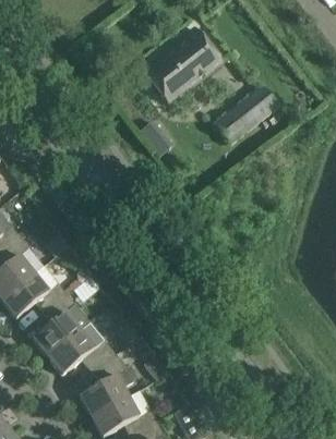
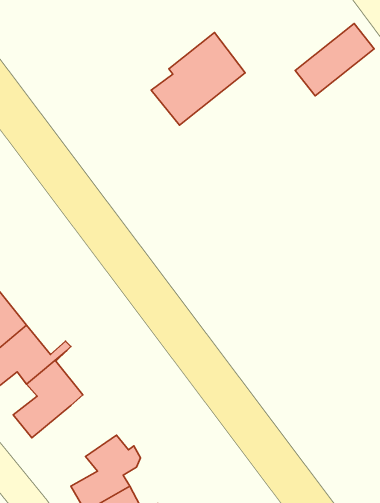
building: [214,85,278,144] -> [295,23,374,96]
building: [47,321,116,375] -> none

